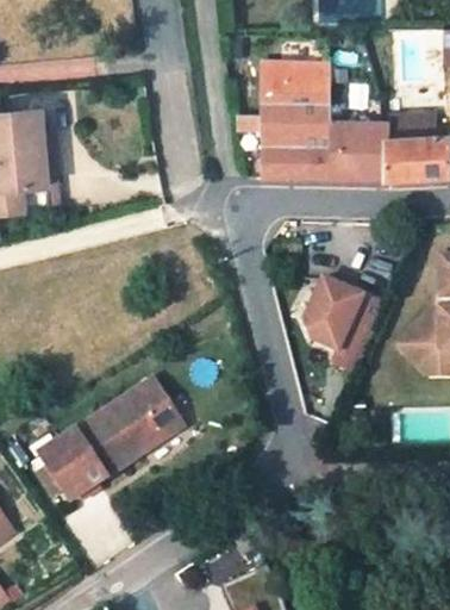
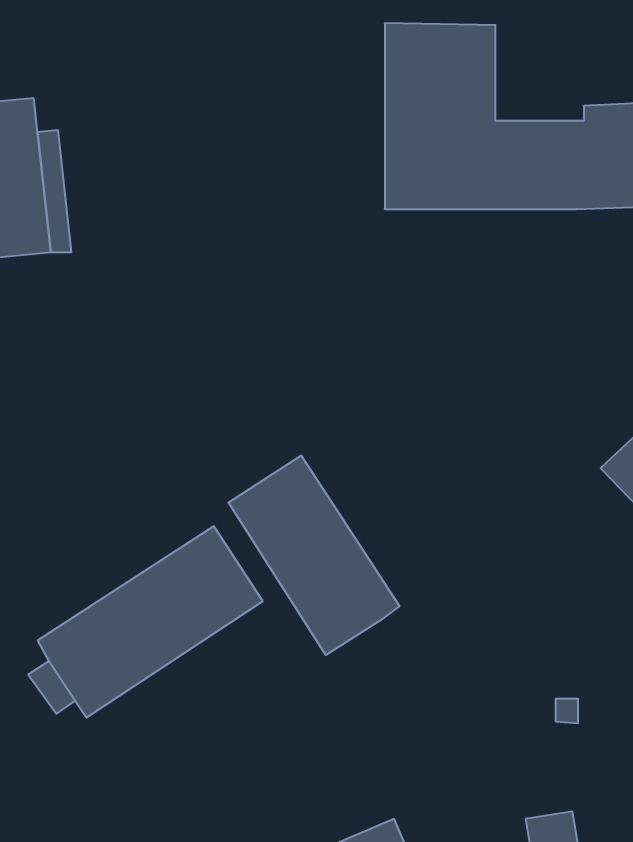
building: [306,278,386,371] -> none
building: none -> [228,455,399,655]

